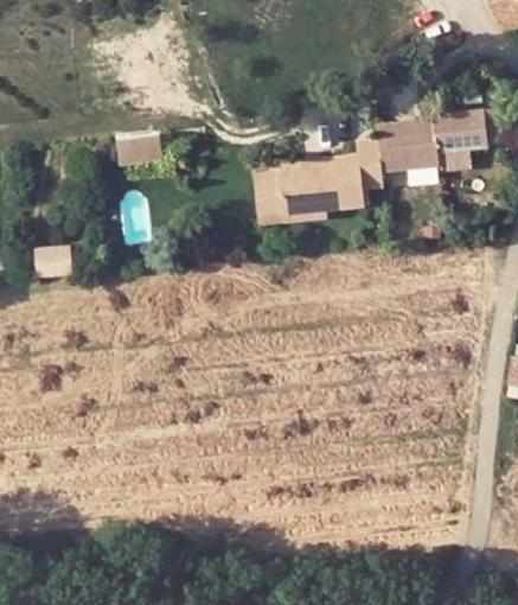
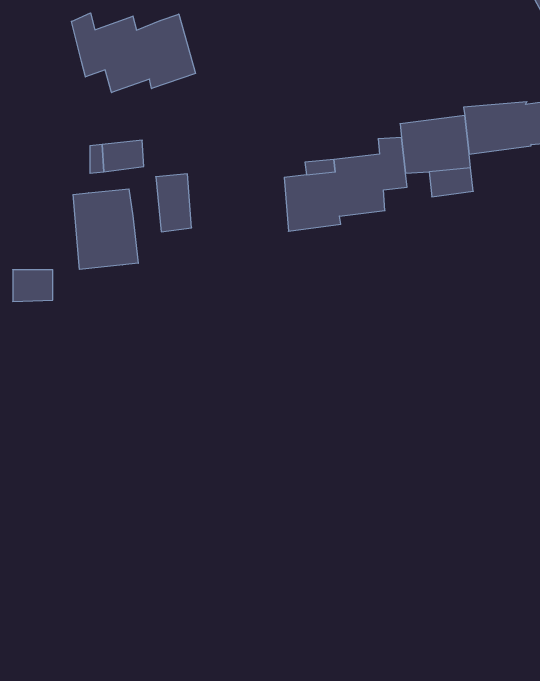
building: none -> [71,13,195,93]
building: [254,168,284,218] -> [156,174,192,232]
building: none -> [73,189,138,269]

